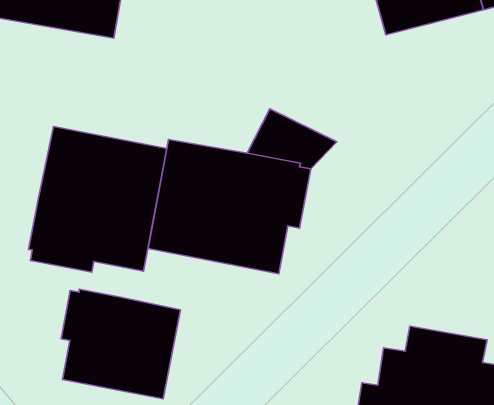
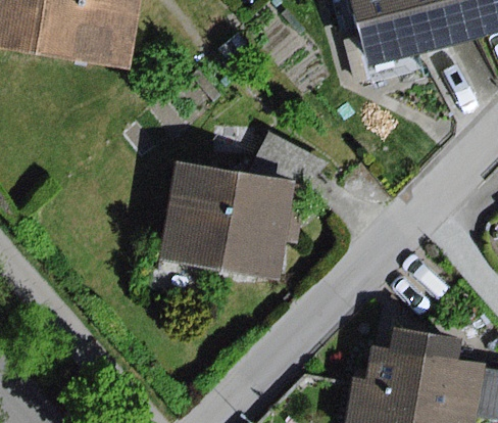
building: [29,127,167,272] -> none
building: [61,289,181,399] -> none

